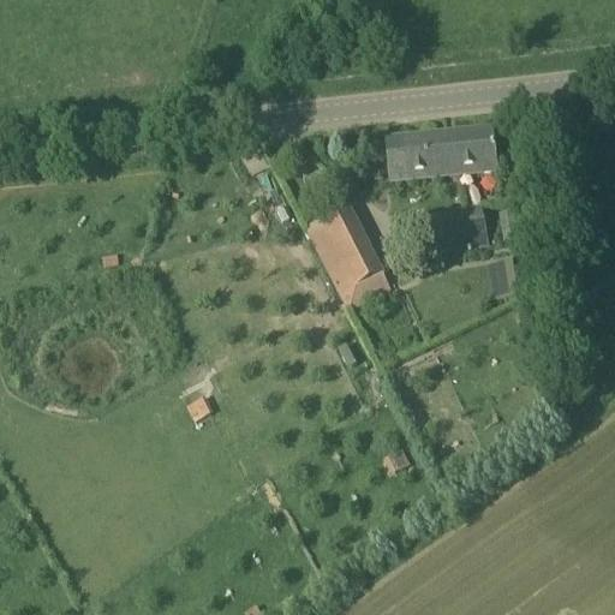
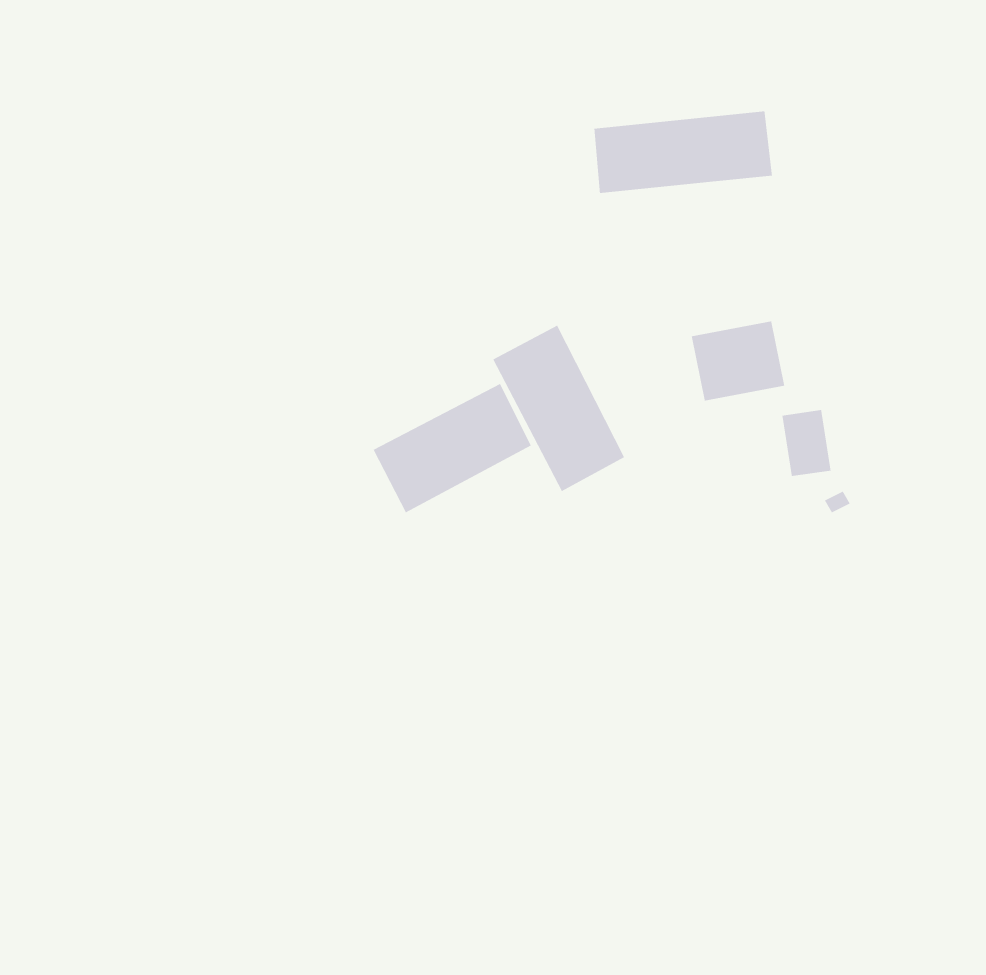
building: [384,126,496,178] -> [593,111,773,194]
building: none -> [373,383,532,514]

